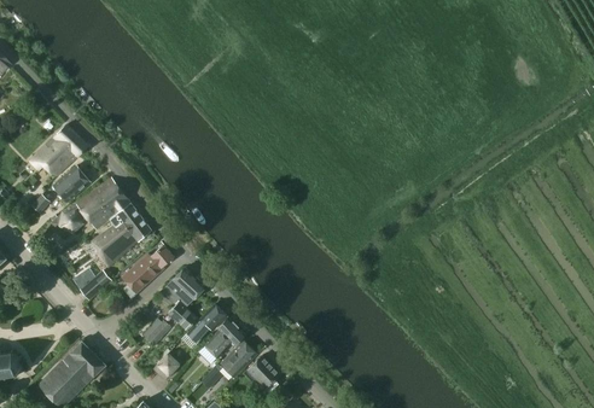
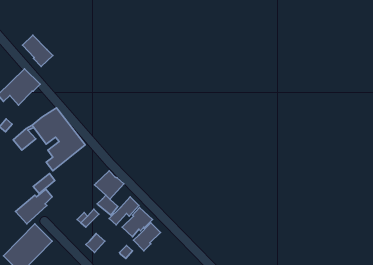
building: none -> [22,35,53,67]
building: [52,165,89,202] -> none
building: [121,245,171,293] -> [16,189,52,224]
building: [248,355,279,391] -> none

